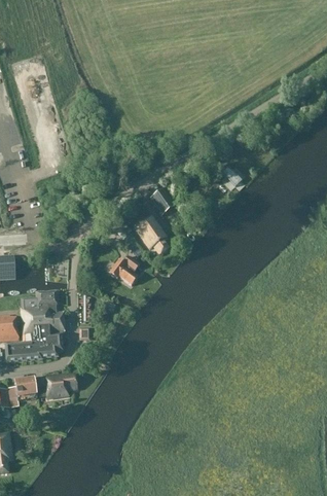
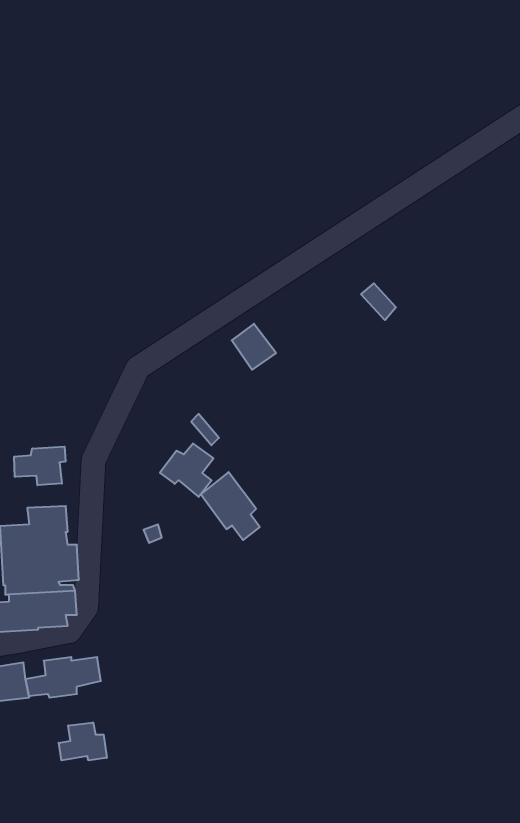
building: [135,215,168,253] -> [201,472,260,540]
building: none -> [14,447,65,485]
building: none -> [59,722,107,760]

